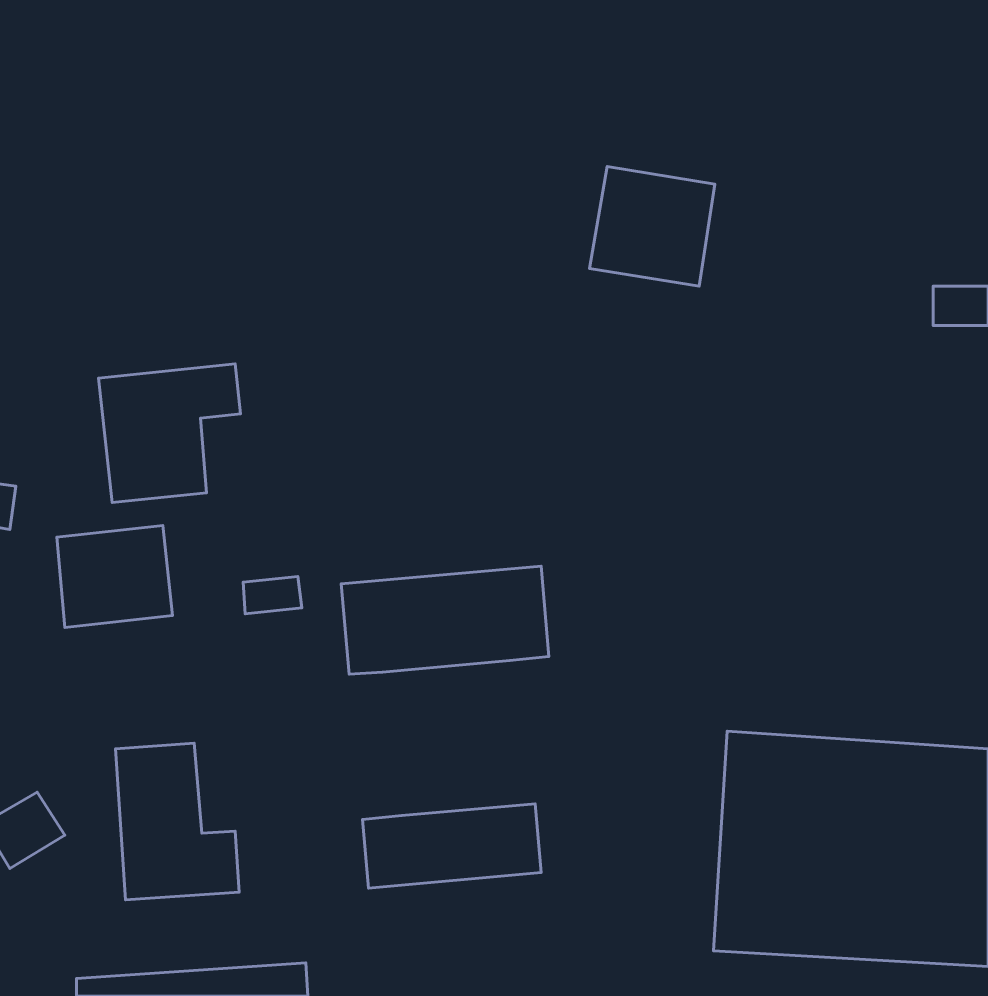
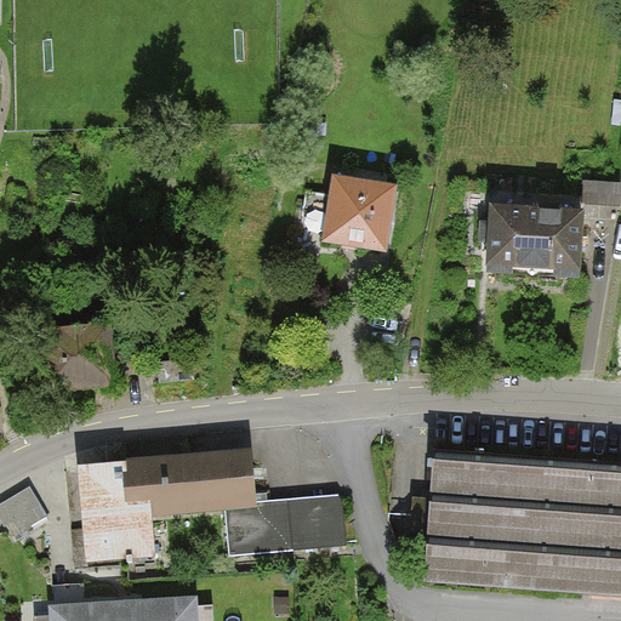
building: [589,166,715,286] -> [330,177,408,251]
building: none -> [491,206,600,275]
building: [98,364,241,502] -> none
building: [341,566,549,674] -> [120,449,249,515]

